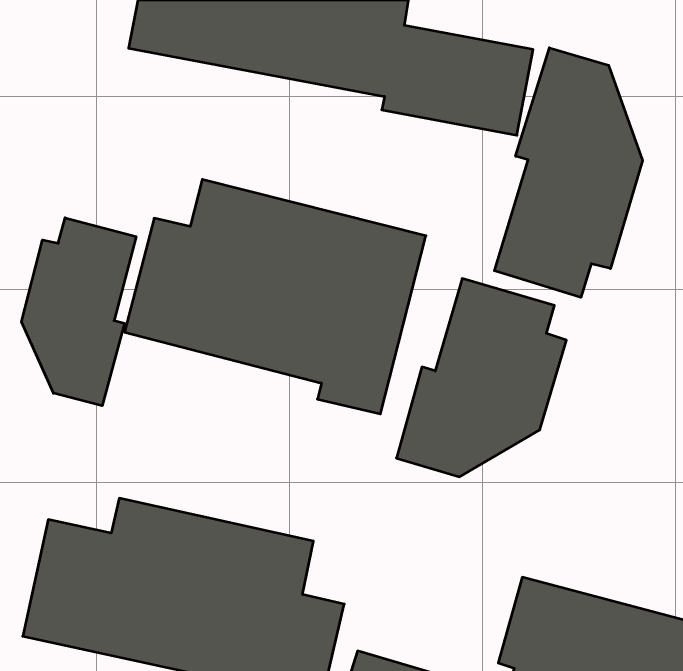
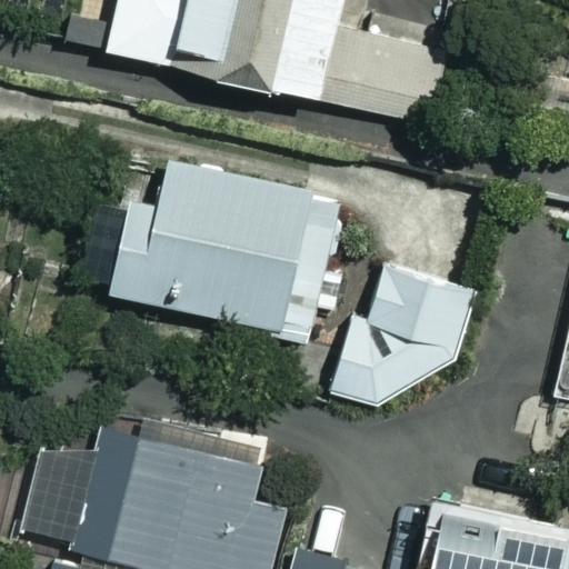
building: [494,48,643,297] -> none
building: [22,218,136,406] -> none

